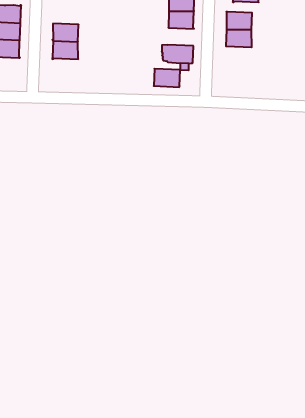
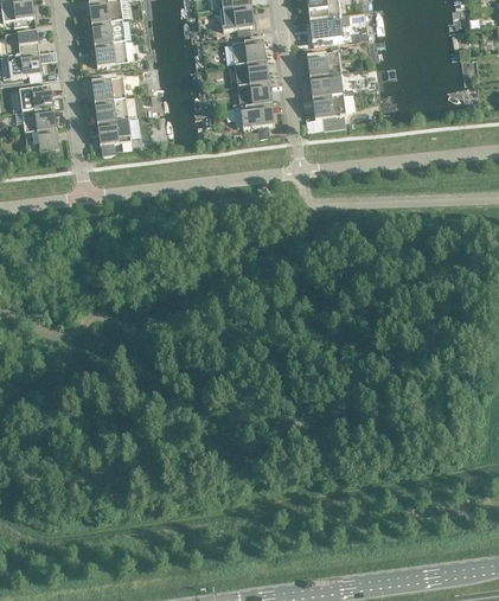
building: none -> [91,76,126,101]
building: none -> [312,92,346,130]
building: [154,69,180,87] -> [237,81,271,106]

